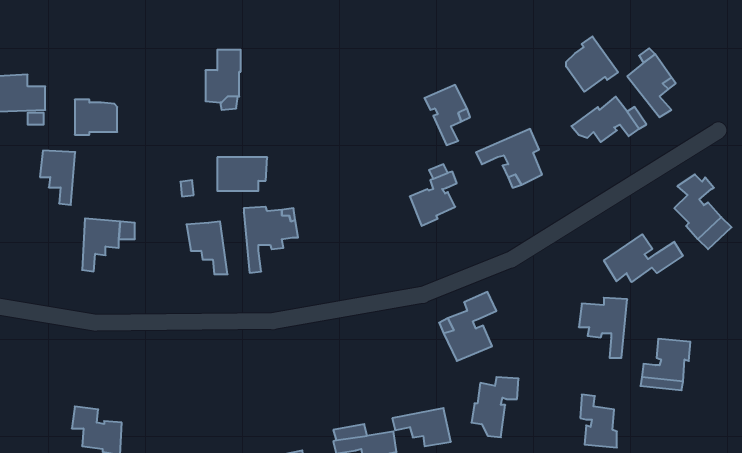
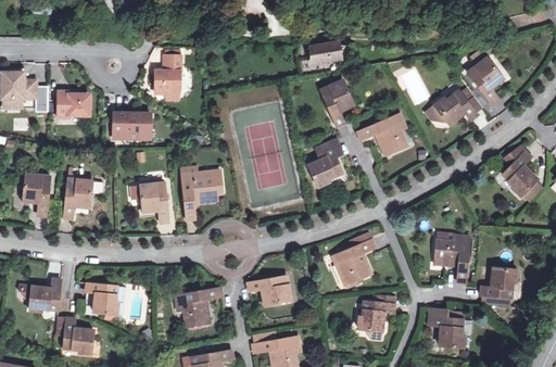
building: none -> [311,40,341,61]
building: [566,36,618,92] -> none
building: [40,151,75,205] -> [24,175,50,215]
building: [217,157,267,191] -> [114,111,151,136]
building: [604,234,683,282] -> none
building: none -> [20,280,62,314]
building: none -> [87,282,118,313]
building: none -> [170,287,216,327]
building: [392,408,451,446] -> [242,275,286,303]

